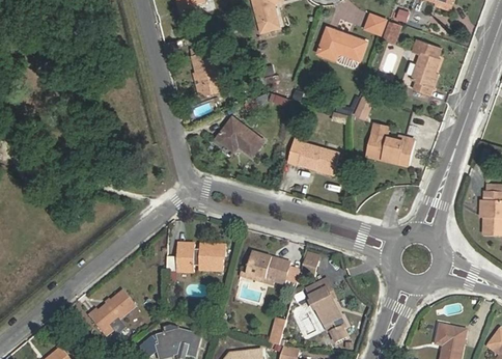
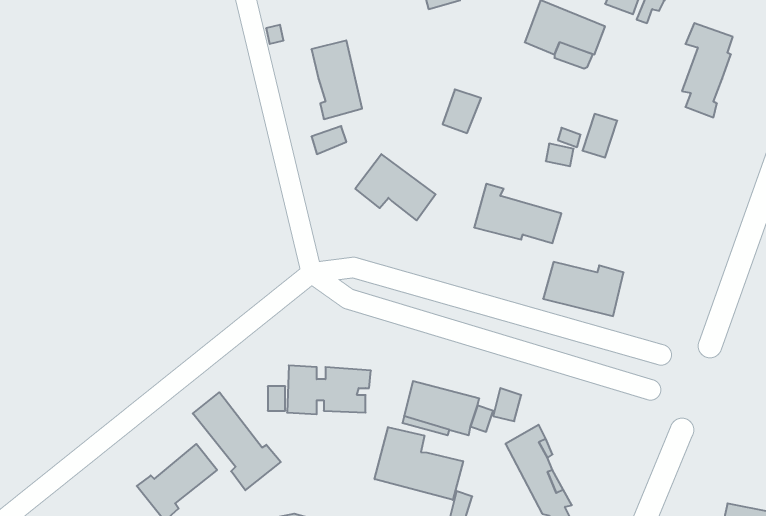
building: [366,133,414,165] -> [543,262,624,316]
building: none -> [193,392,281,490]
building: none -> [375,427,463,500]

